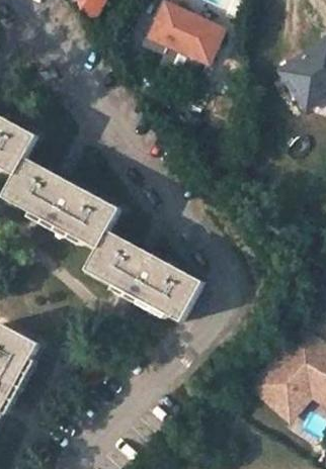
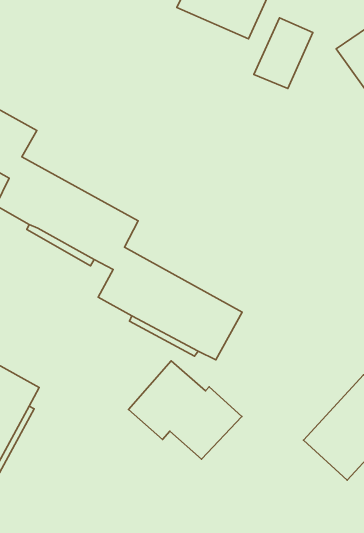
building: none -> [254,18,313,88]
building: none -> [128,361,242,459]

